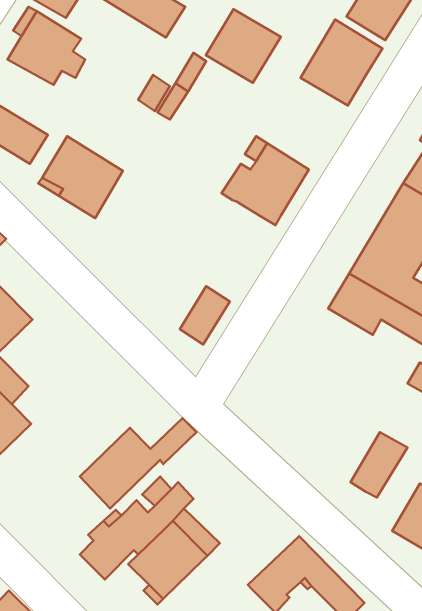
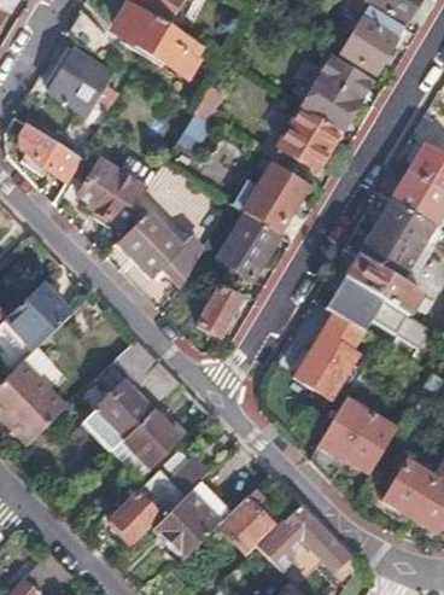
building: [206,9,281,83] -> [278,106,343,170]
building: none -> [116,209,200,288]
building: none -> [218,214,280,280]
building: none -> [296,332,357,396]
building: none -> [82,338,181,453]
building: none -> [314,398,370,461]
building: none -> [217,497,273,553]

